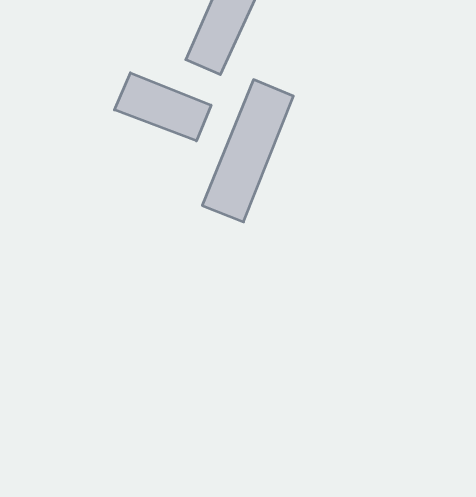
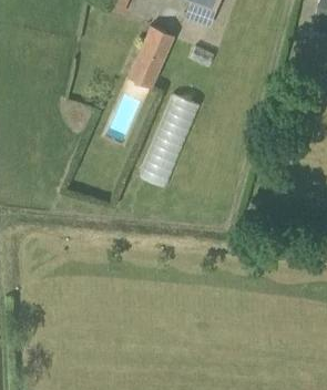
building: [114,73,211,141] -> none

